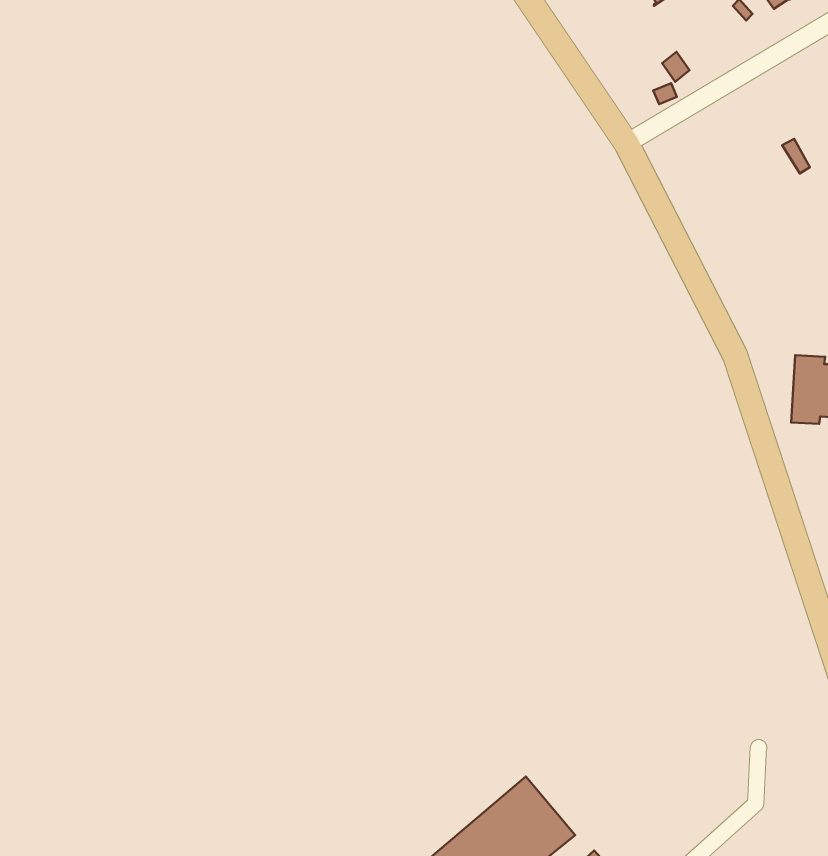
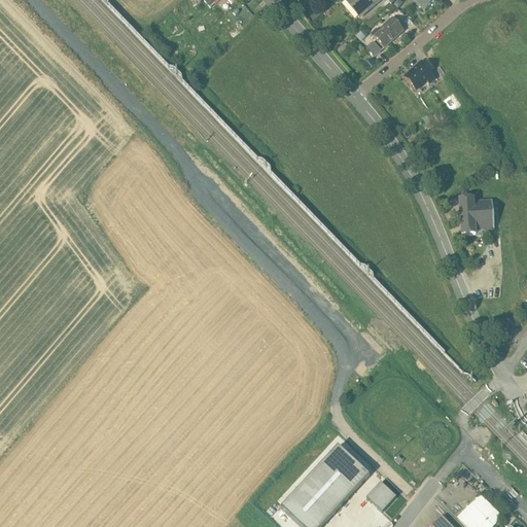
building: none -> [372,15,403,45]
building: none -> [403,61,435,90]

